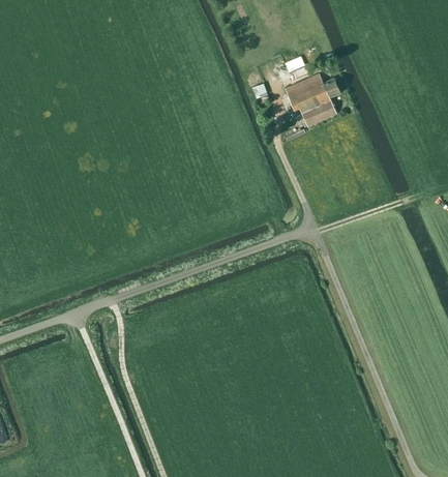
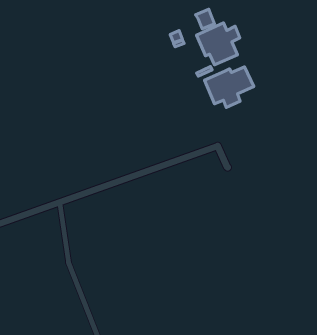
building: none -> [204,67,254,108]

